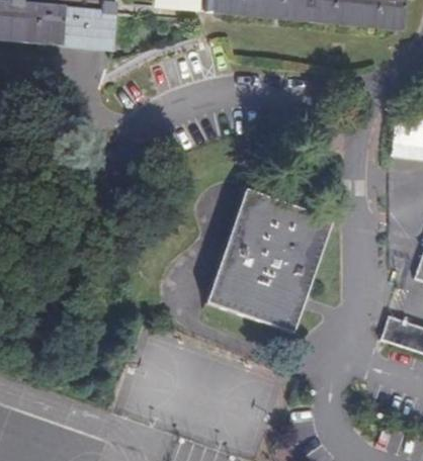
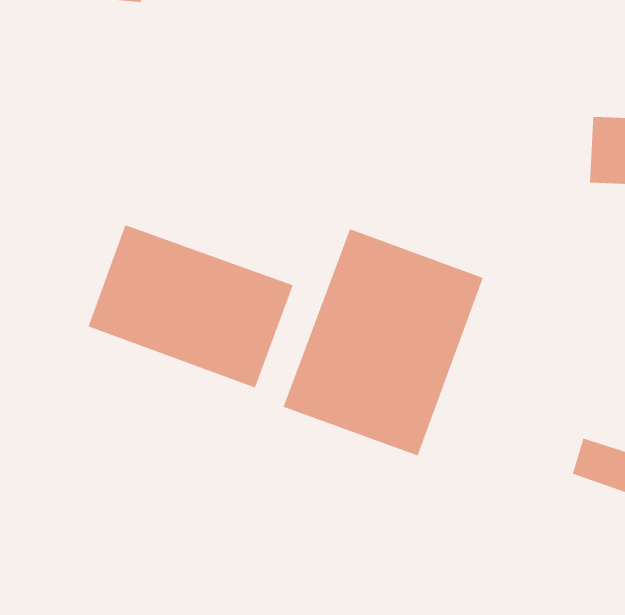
building: none -> [88,224,294,388]

